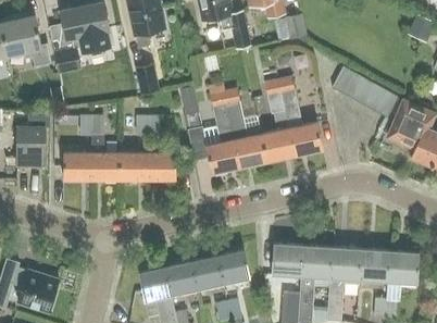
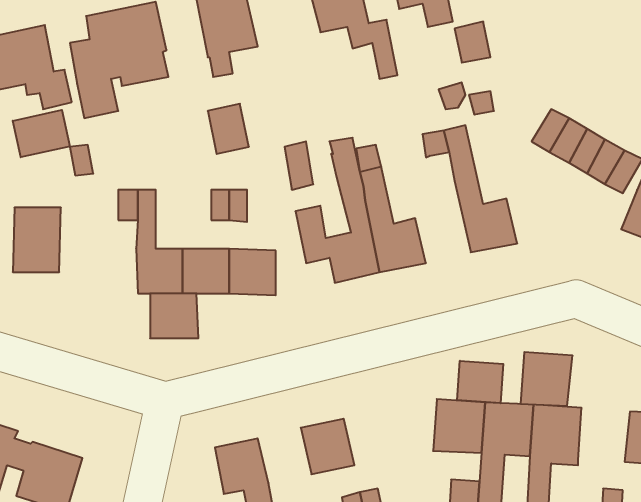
building: none -> [13,110,70,157]
building: [261,111,295,161] -> none
building: [63,152,92,179] -> [150,293,198,338]
building: none -> [457,361,503,403]
building: [360,249,391,282] -> [521,352,573,406]
building: [217,250,250,284] -> none
building: [165,261,198,295] -> none

